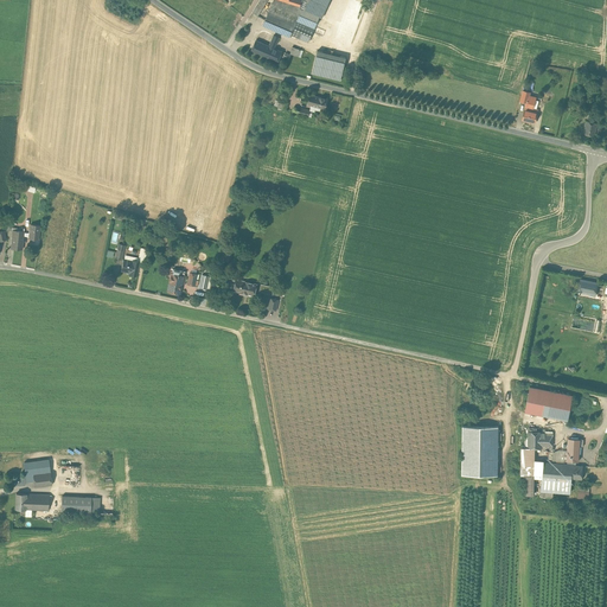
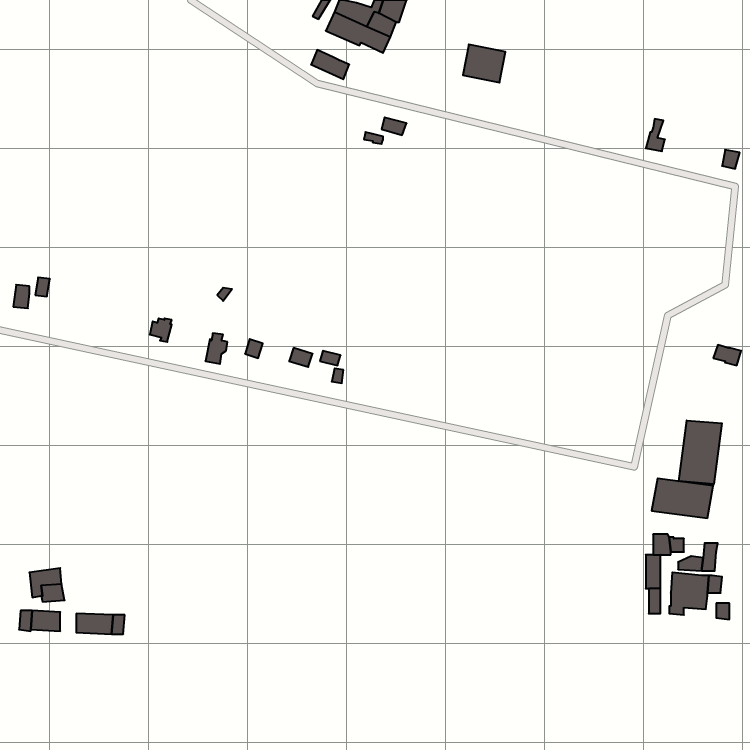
building: [313,50,347,81] -> [463,44,505,83]
building: none -> [679,420,722,484]
building: [462,427,498,474] -> none

